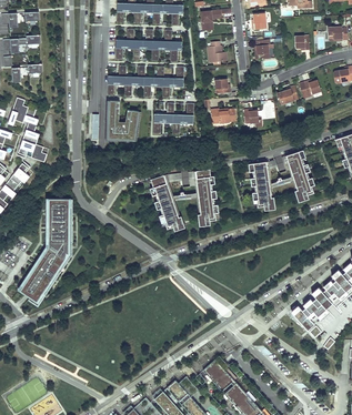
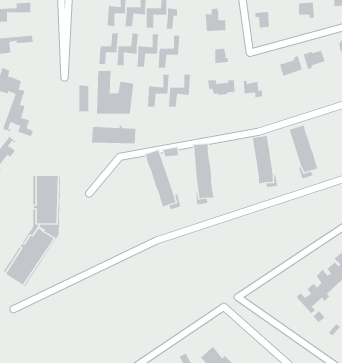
building: none -> [91,125,136,144]

